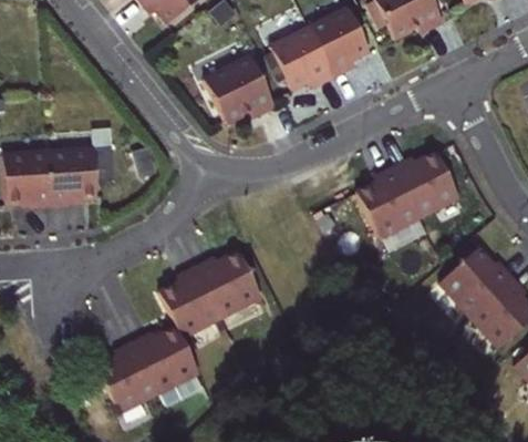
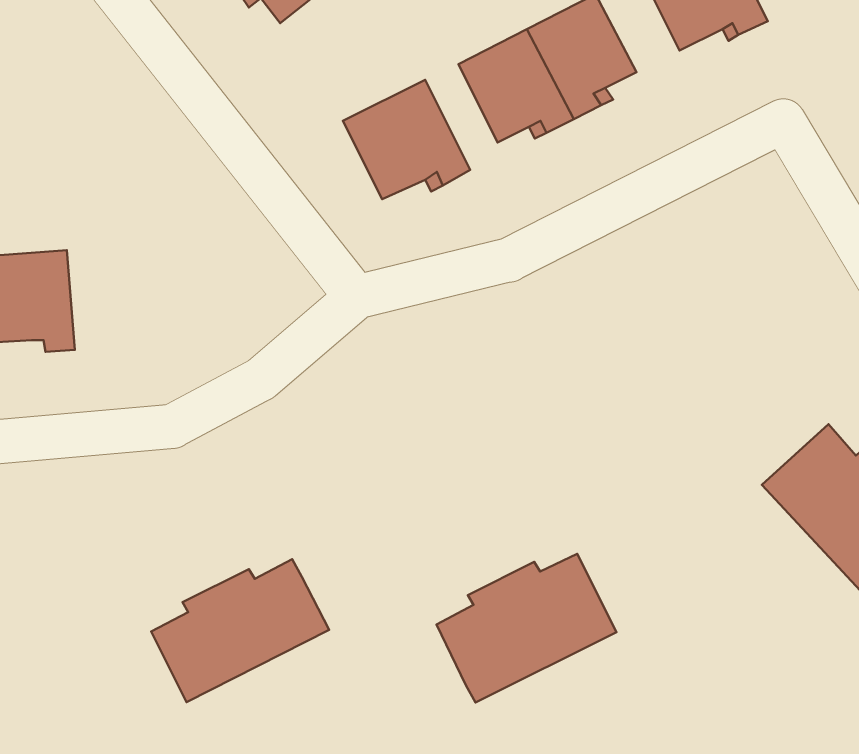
building: [49,147,95,207] -> none
building: [356,153,458,237] -> none
building: [159,251,261,336] -> [436,554,616,703]

